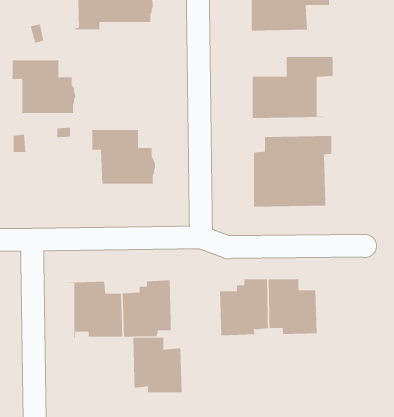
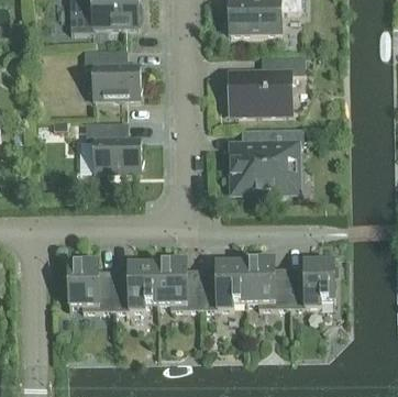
building: [12,60,76,113] -> [84,51,142,99]
building: none -> [288,257,338,308]
building: [133,337,182,393] -> [156,260,201,310]

